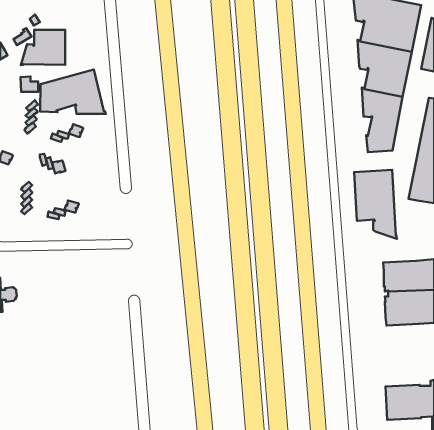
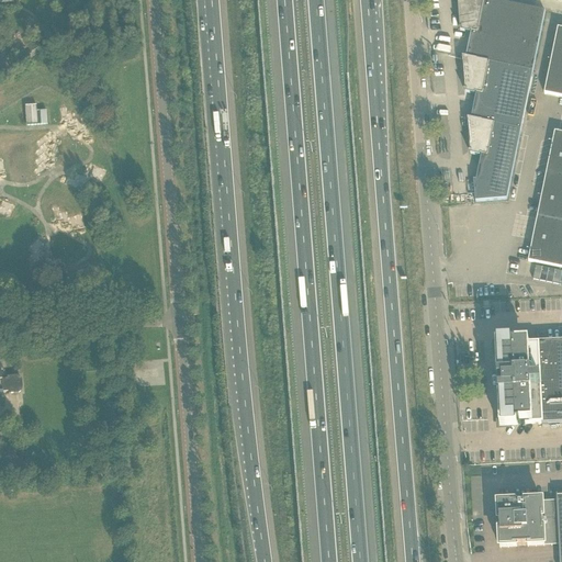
building: [21,30,65,65] -> none
building: [40,69,106,114] -> none
building: [354,170,397,239] -> none

